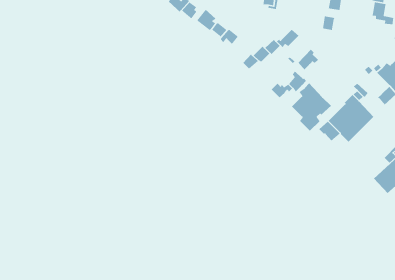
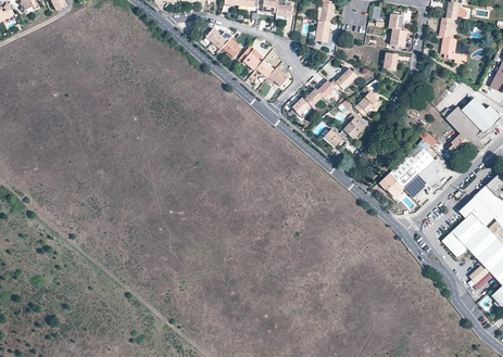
building: [291,82,332,132] -> none

